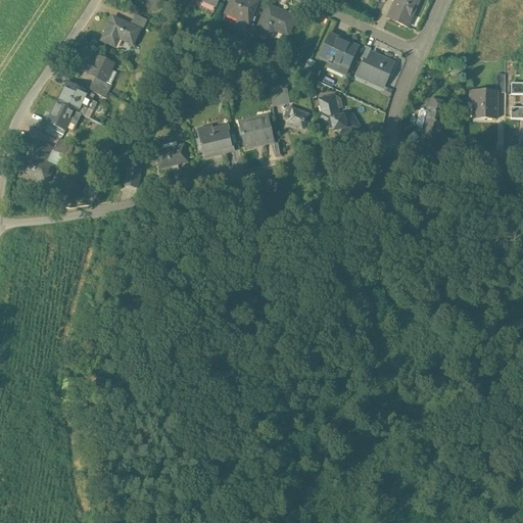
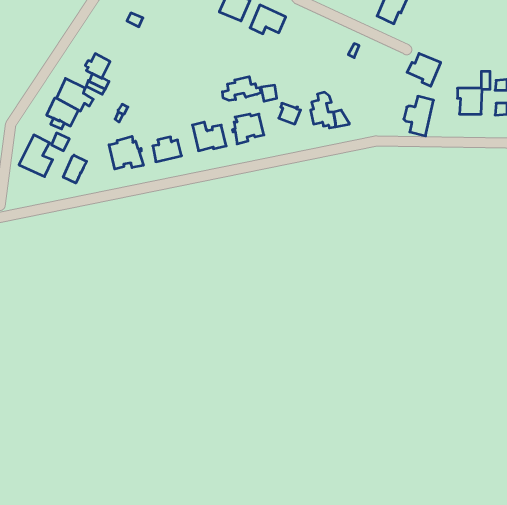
building: [102,15,139,45] -> none
building: [321,36,358,75] -> none
building: [359,52,393,86] -> [407,53,441,86]
building: none -> [222,77,261,100]
building: none -> [109,136,143,169]
building: none -> [63,155,87,183]

